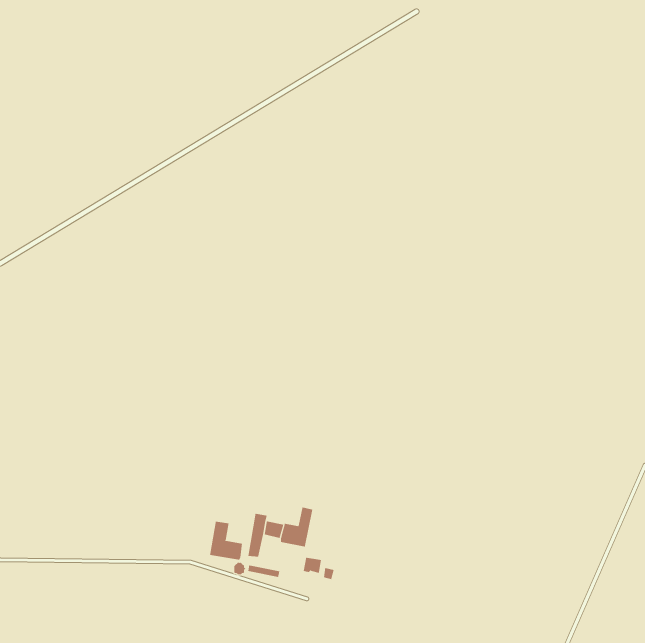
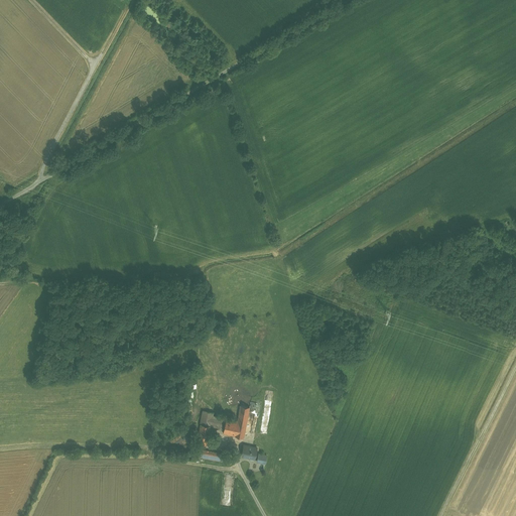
building: [209,521,242,561] -> none

